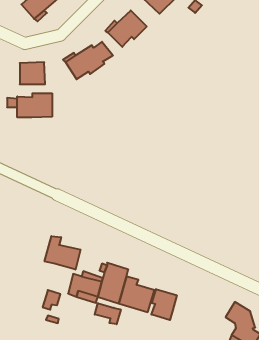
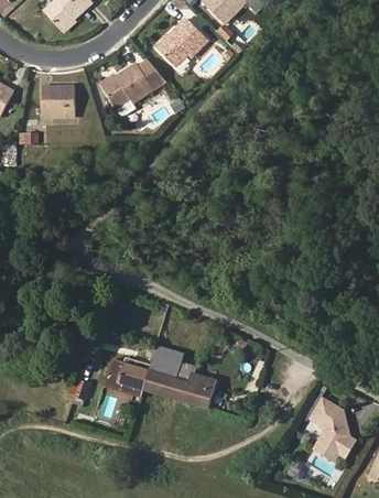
building: [17,93,52,117] -> none
building: [45,236,80,270] -> none
building: [151,289,177,320] -> none
building: [95,303,121,324] -> none

